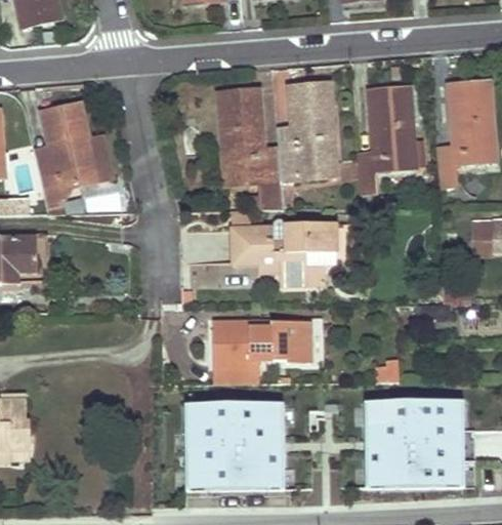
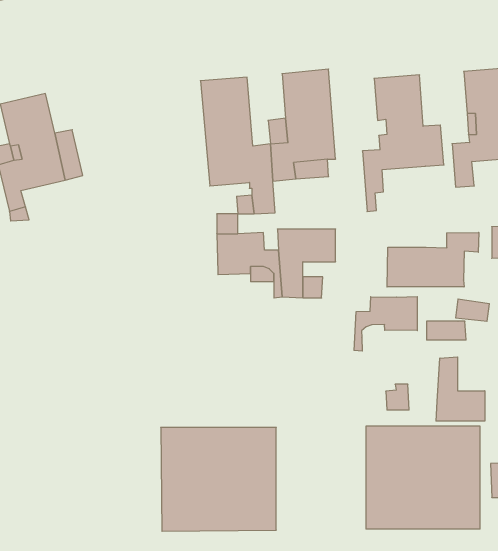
building: none -> [387,232,479,287]
building: none -> [354,297,417,351]
building: [213,322,309,385] -> none
building: none -> [436,357,485,421]

